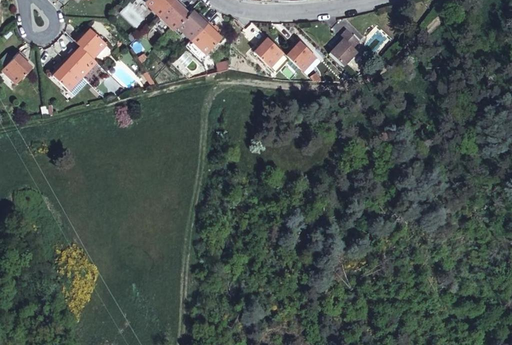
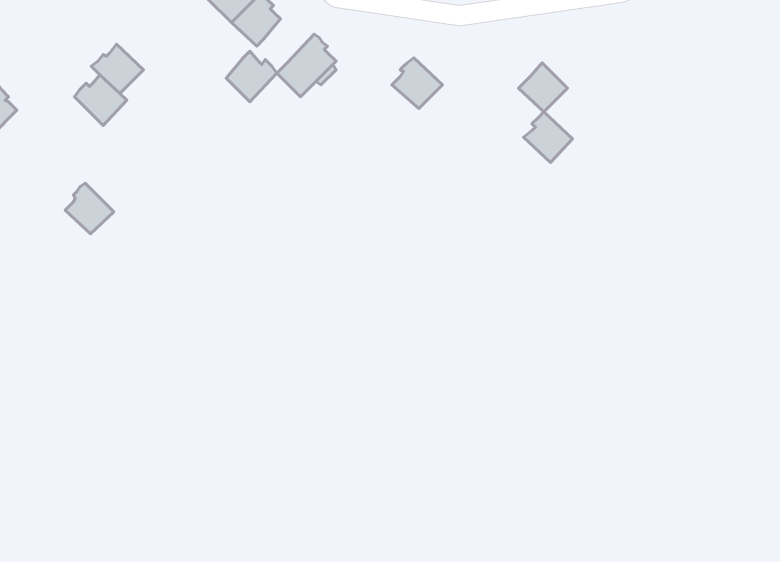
building: [178,9,208,39] -> [226,51,277,102]
building: [287,40,316,70] -> [524,112,573,163]
building: [54,59,83,89] -> [65,183,114,234]

